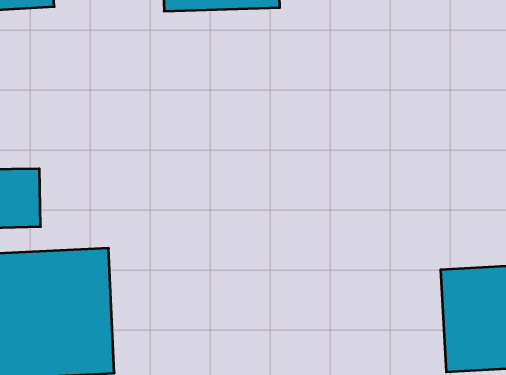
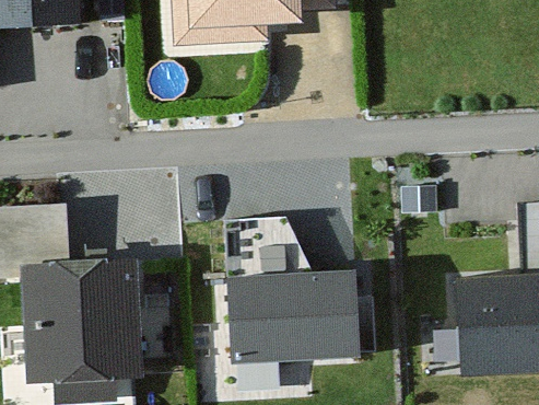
building: none -> [226,270,356,366]

